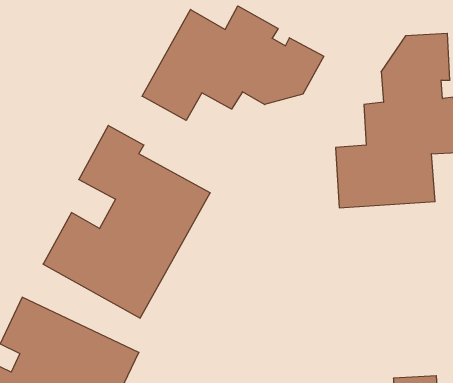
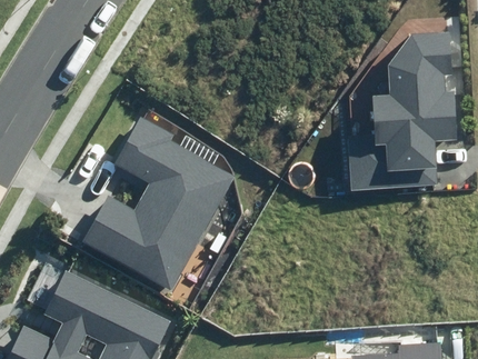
building: [142,6,324,120] -> none

